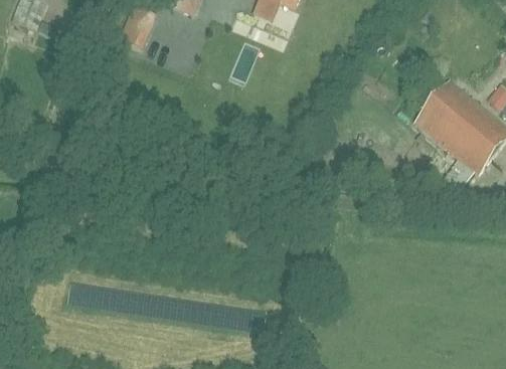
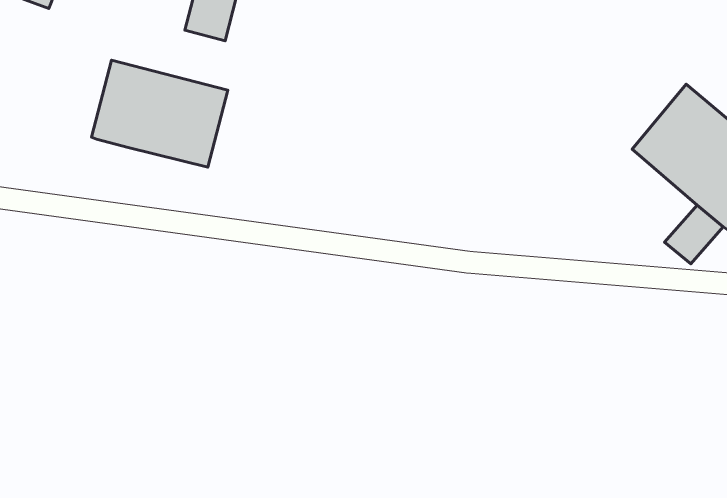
building: none -> [92,60,228,167]

